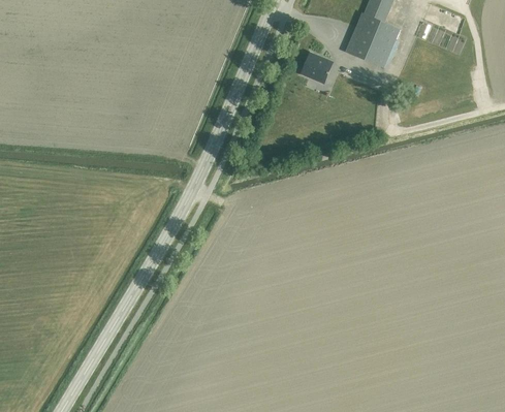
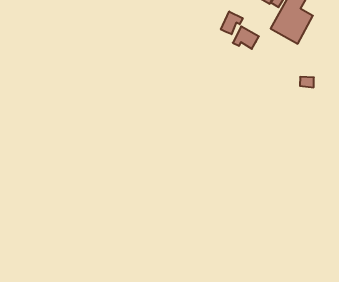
building: none -> [221,11,243,34]

